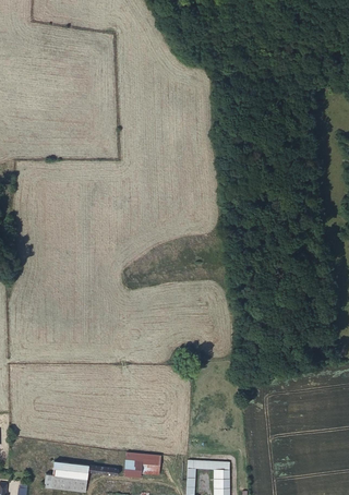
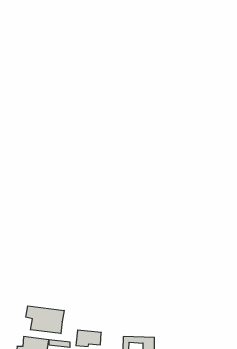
building: none -> [26,306,64,334]

